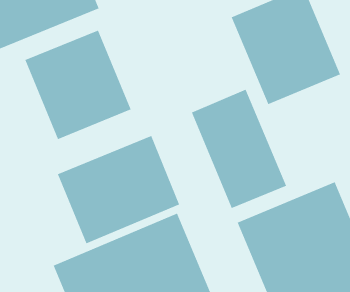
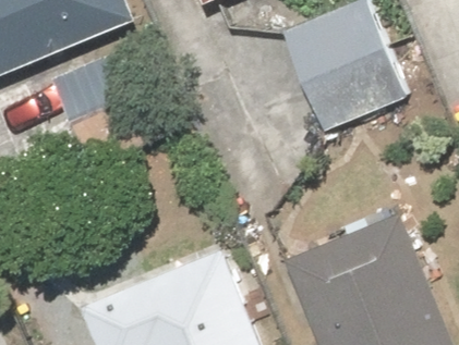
building: [191,89,287,209] -> none
building: [57,135,180,244] -> none

